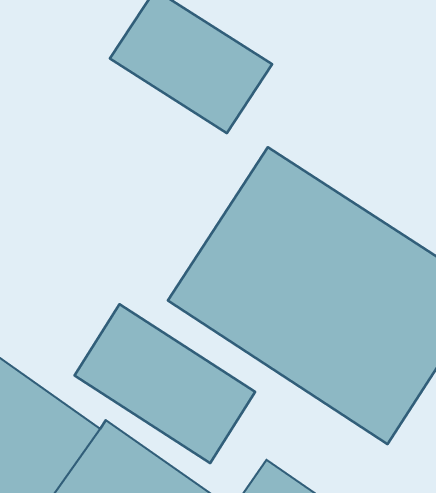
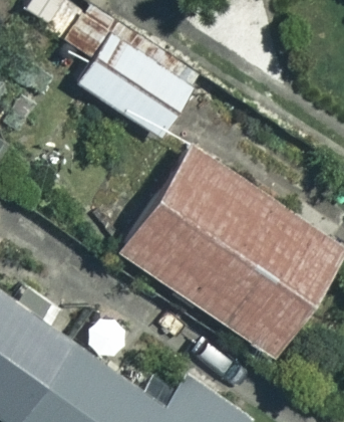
building: [74,304,255,463] -> none

